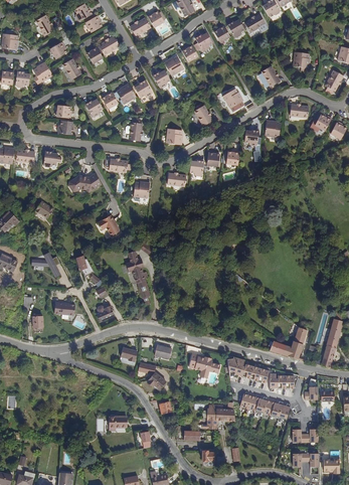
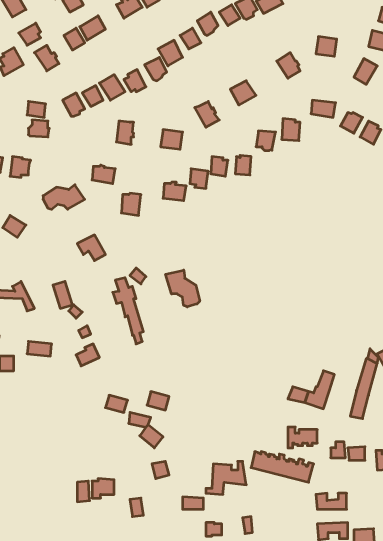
building: none -> [166,270,200,307]
building: [189,351,220,377] -> none
building: [226,355,268,380] -> none

